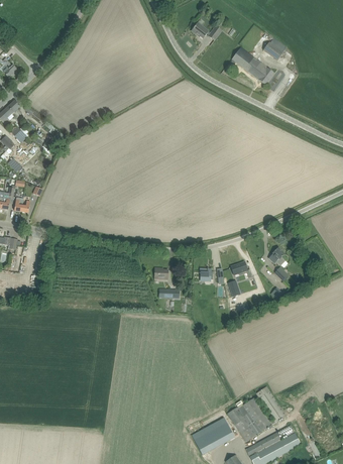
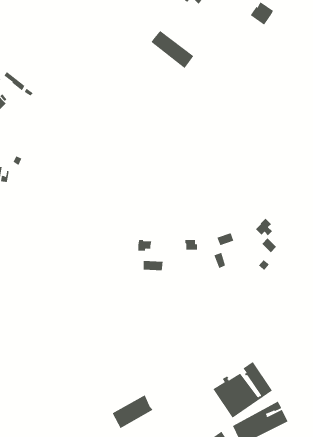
building: [231,47,273,85] -> [151,30,194,69]
building: [194,422,234,455] -> [112,394,153,429]

